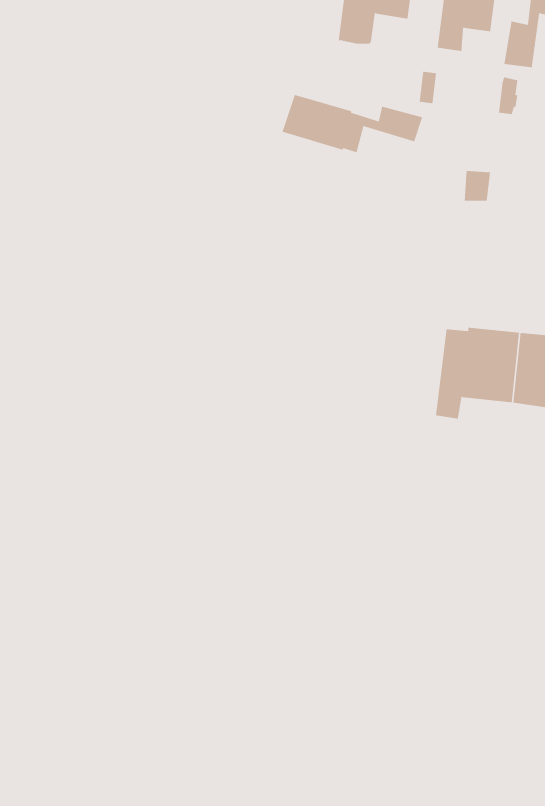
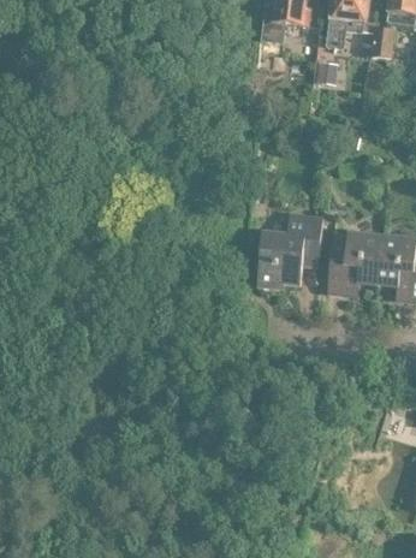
building: [282,94,423,153] -> none
building: none -> [256,214,323,289]

